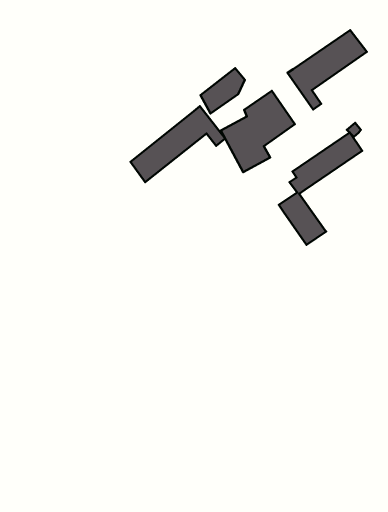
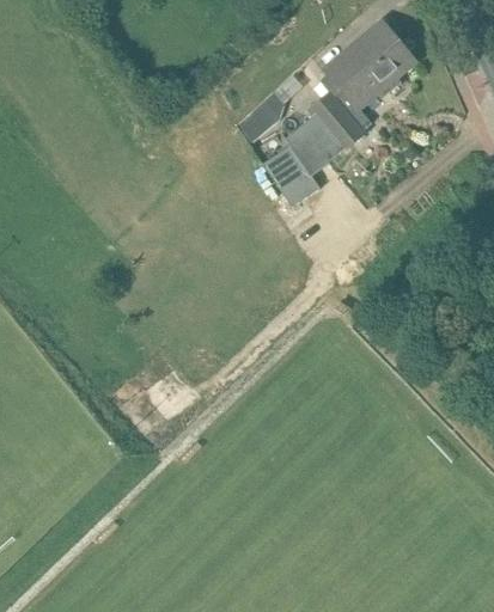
building: [130,106,225,182] -> none
building: [279,133,362,245] -> [311,18,398,147]

